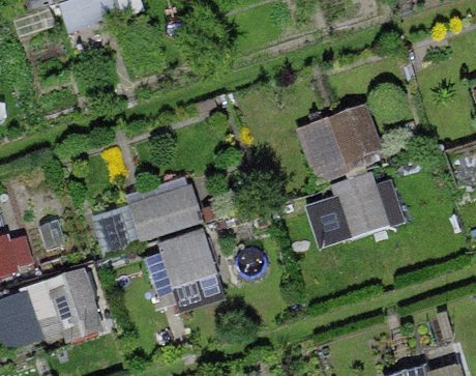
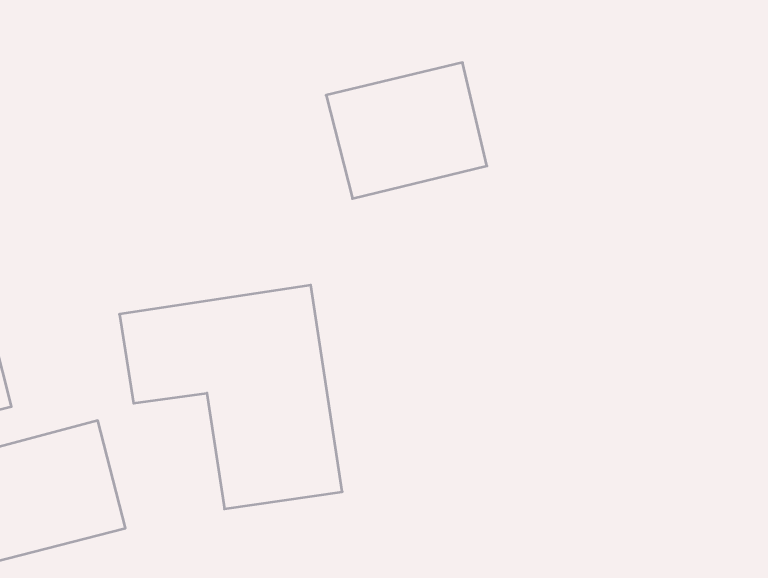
building: [296,103,387,182] -> [326,63,487,199]
building: [303,175,389,245] -> none

